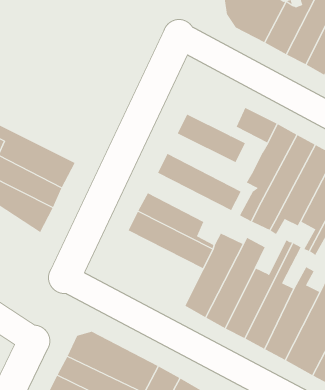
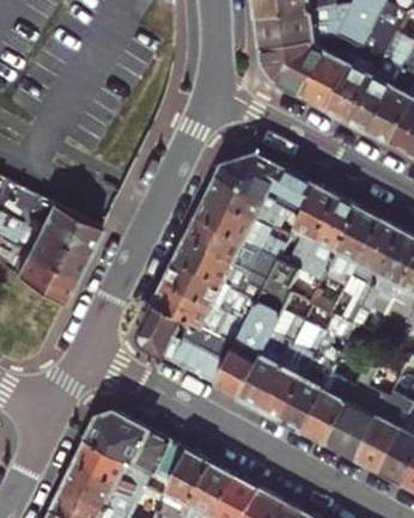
building: none -> [219,153,282,199]
building: none -> [197,196,282,260]
building: none -> [176,239,268,303]
building: none -> [141,303,237,385]

